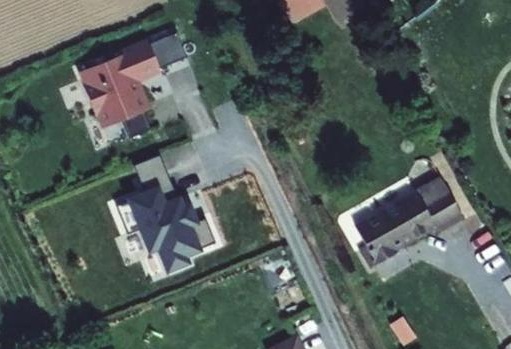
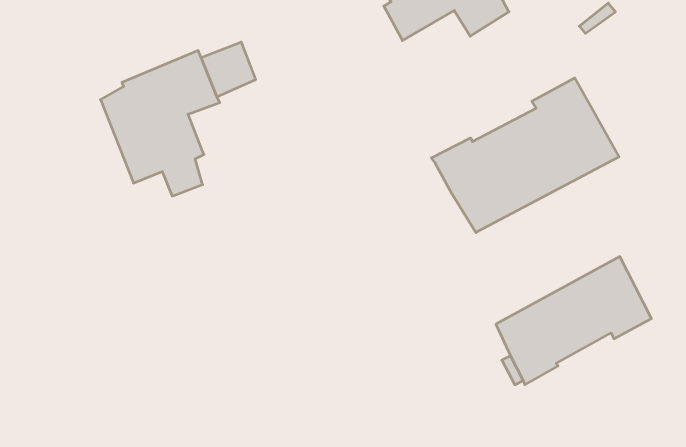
building: none -> [431,78,619,233]
building: [125,153,215,271] -> none

